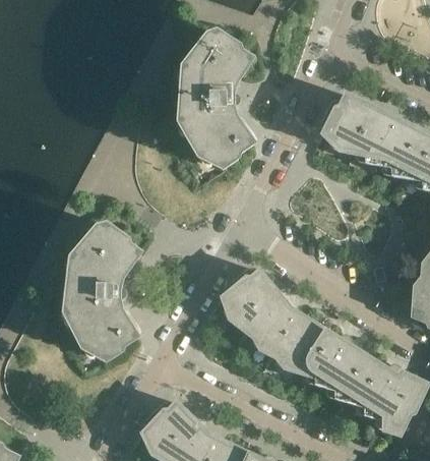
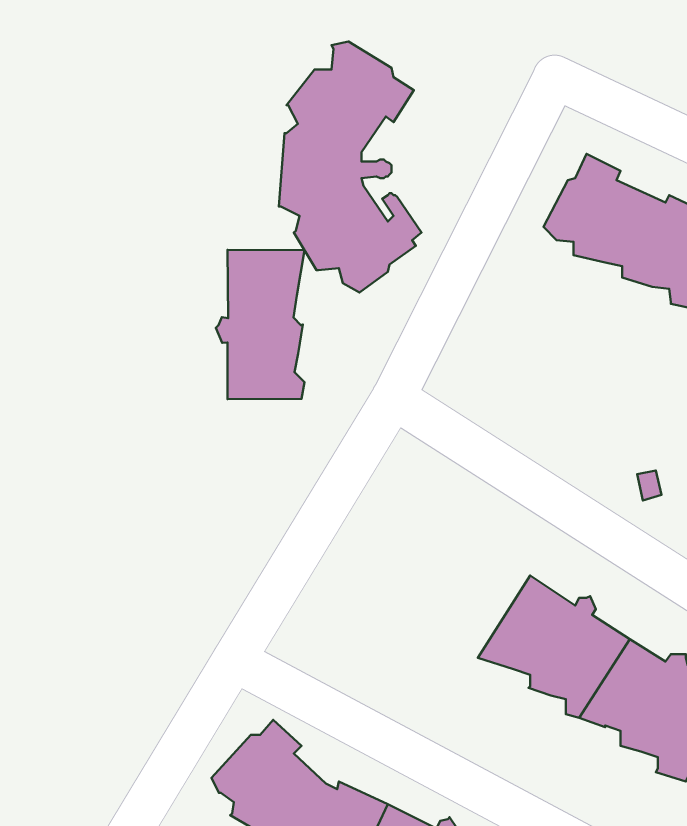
building: none -> [216,250,304,399]
building: [65,224,141,360] -> none
building: [223,270,315,367] -> none

